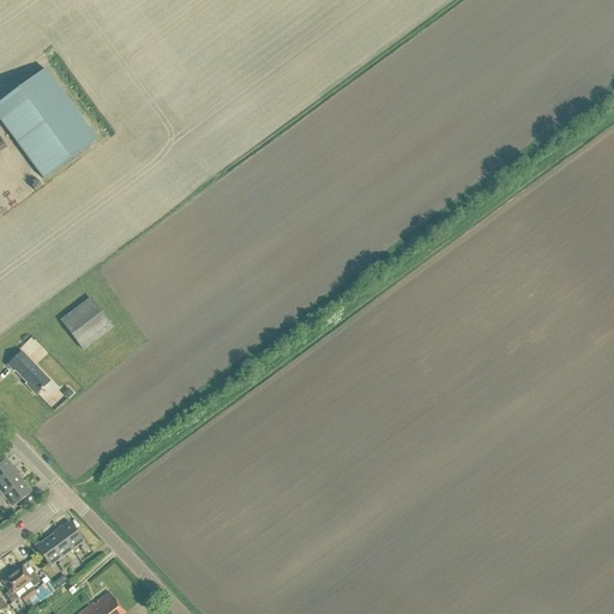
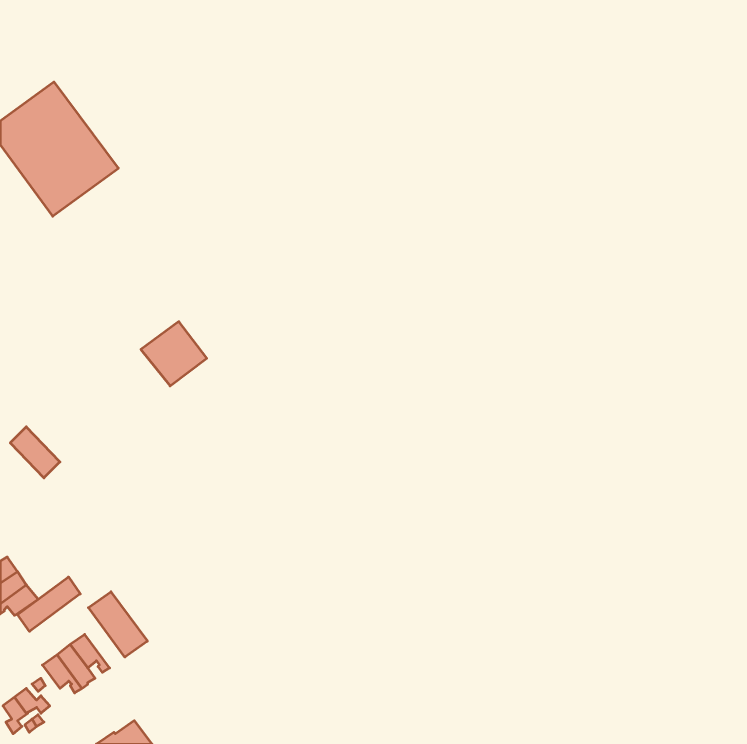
building: [59,296,113,349] -> [141,322,207,386]
building: none -> [18,577,80,631]
building: none -> [88,592,147,657]

